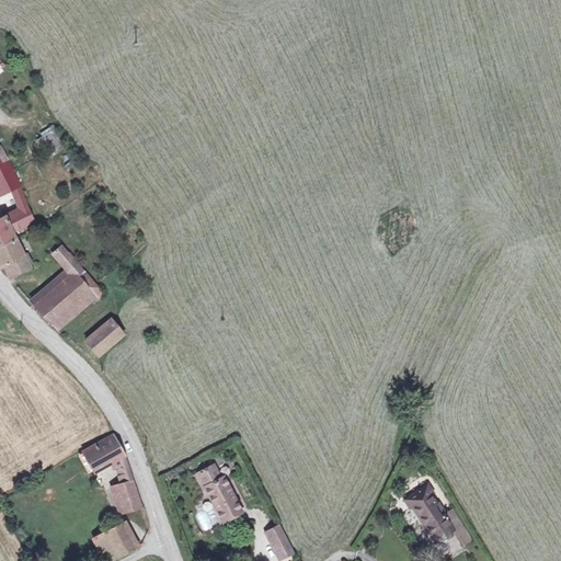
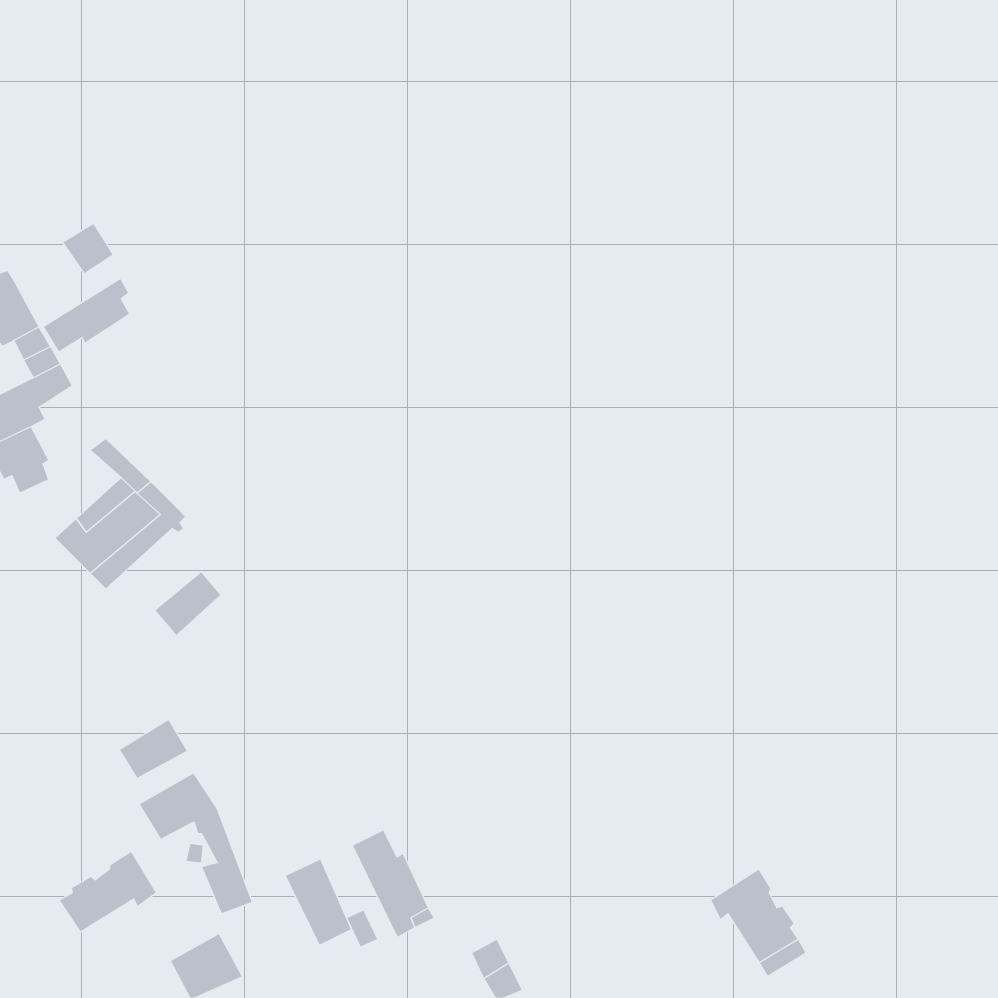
building: none -> [43,278,130,352]
building: none -> [119,719,188,778]
building: none -> [59,851,157,932]
building: none -> [285,859,352,945]

